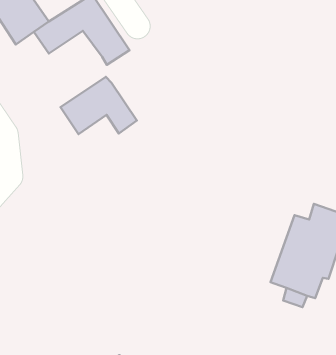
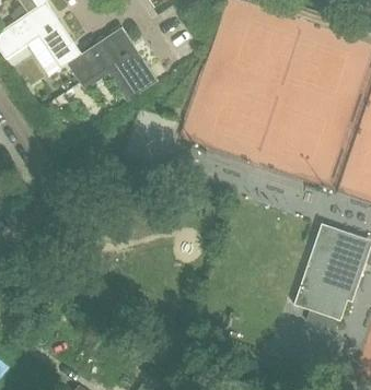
building: [61,77,137,134] -> none

